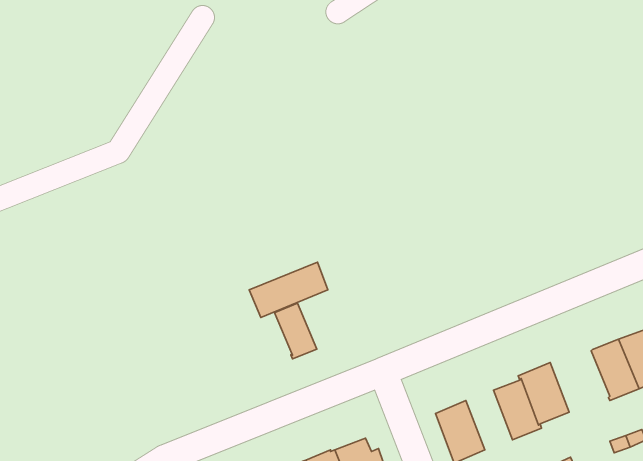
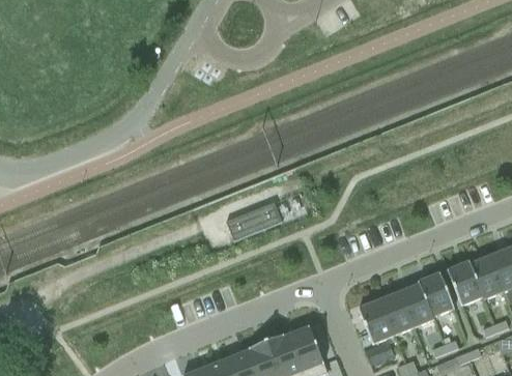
building: [274,303,317,359] -> none
building: none -> [446,261,482,306]
building: none -> [379,292,413,335]

